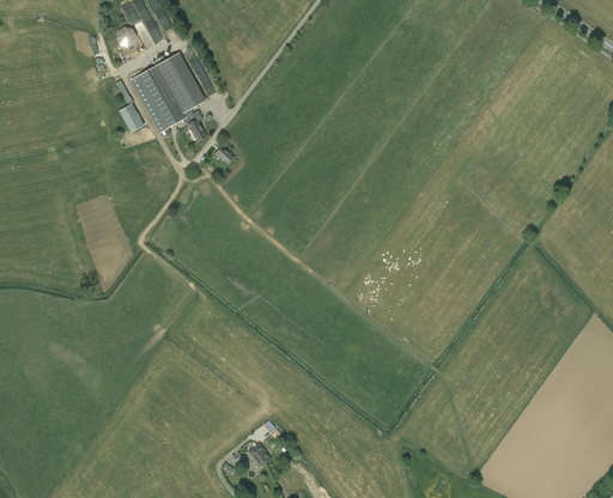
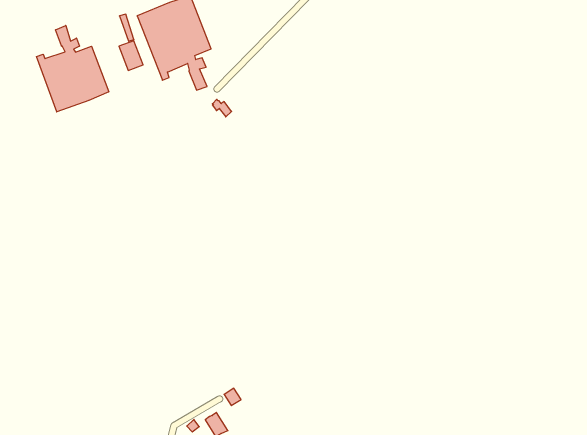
building: none -> [36,25,109,112]

